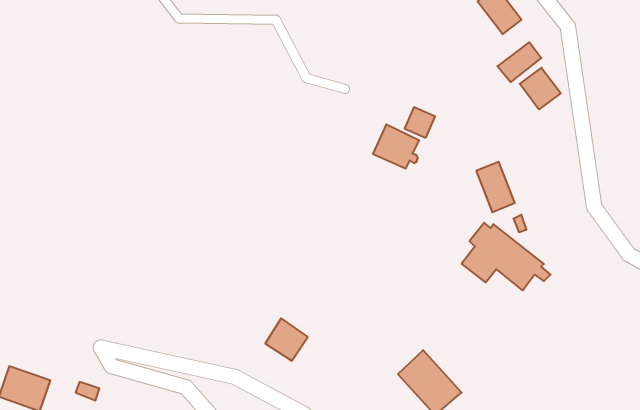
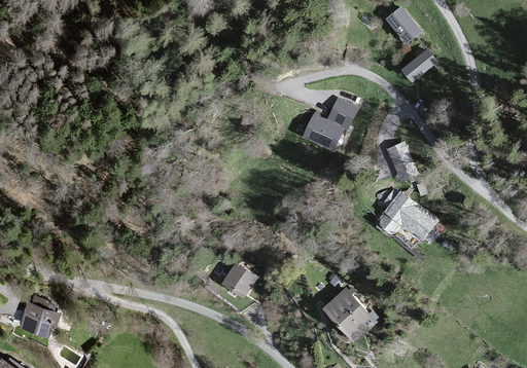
building: [520,68,561,109] -> none

